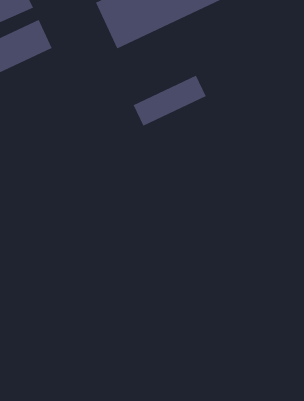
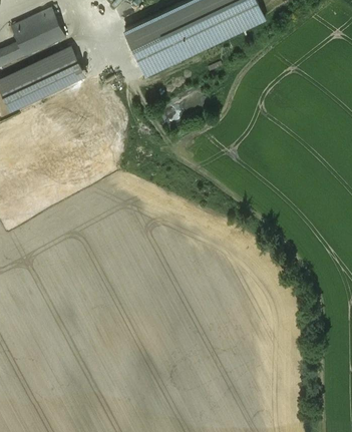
building: [133,75,207,127] -> none

